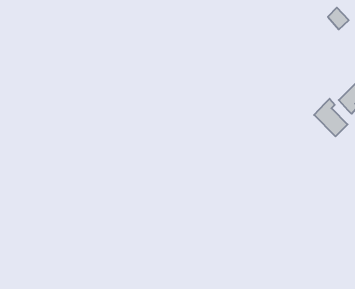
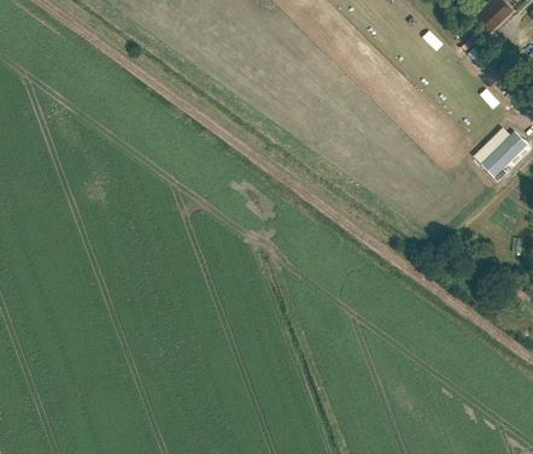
building: [314,99,348,136] -> none

